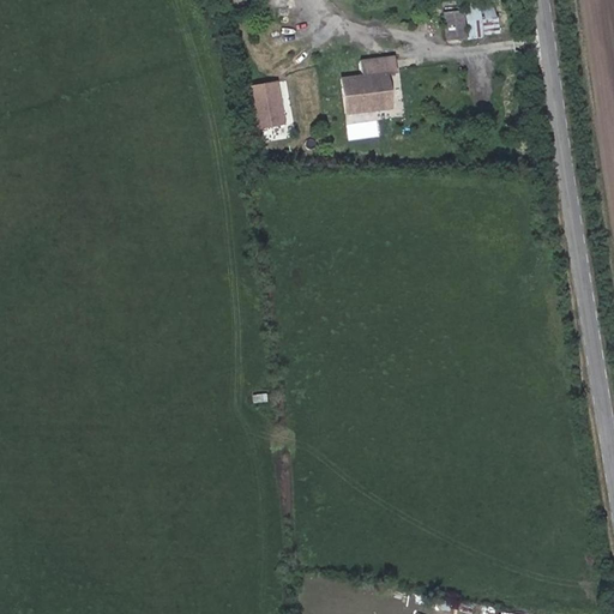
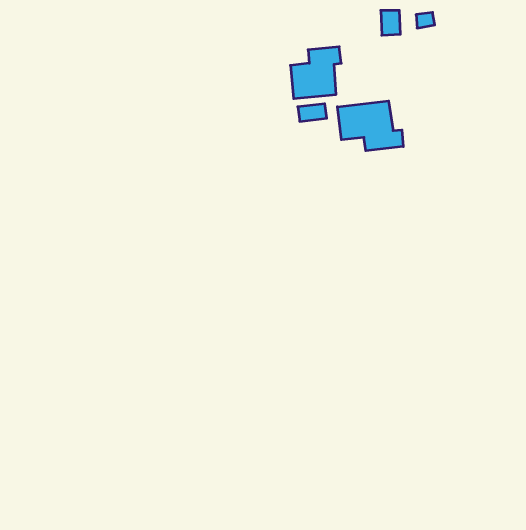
building: [248,78,288,130] -> none
building: none -> [337,101,403,151]

